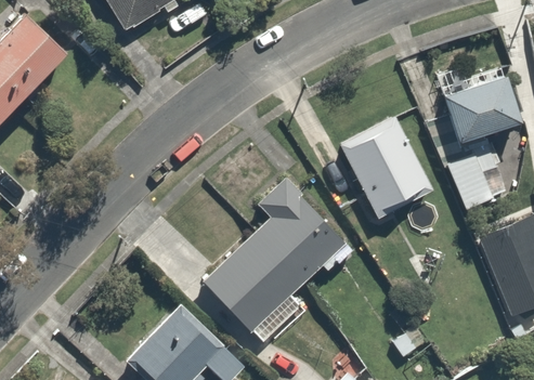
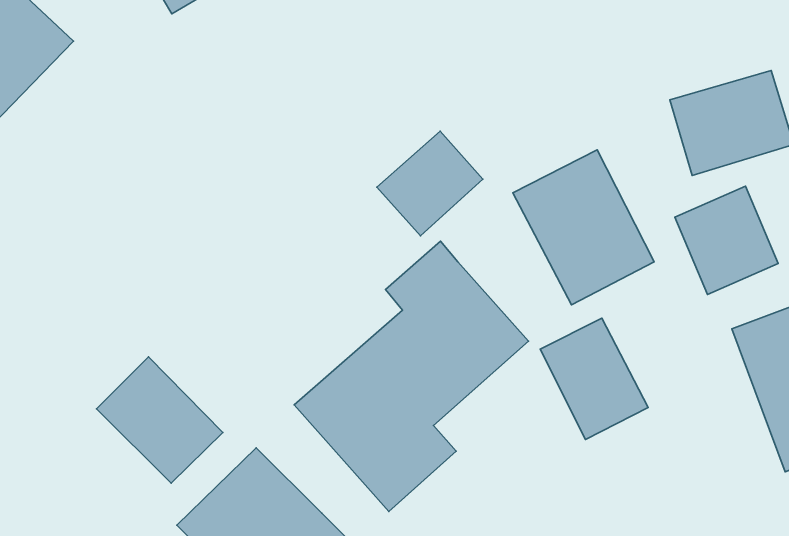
building: none -> [377,131,483,236]
building: none -> [540,318,648,439]
building: none -> [96,357,223,483]

